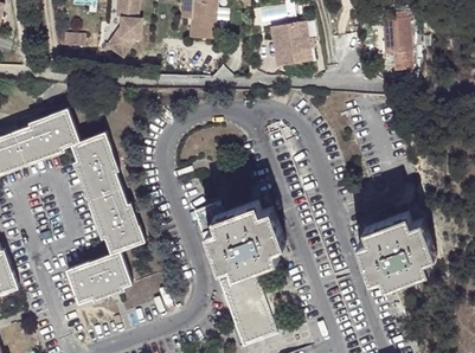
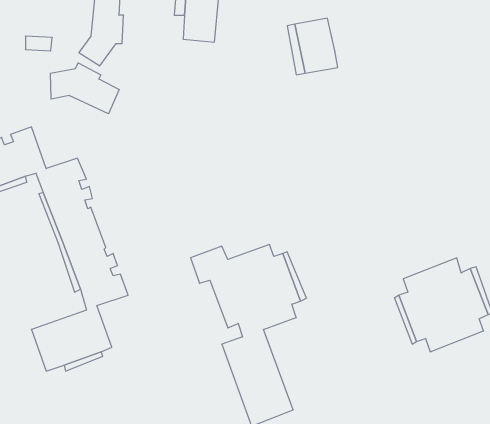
building: [381,11,410,70] -> none
building: none -> [50,63,119,114]
building: [201,229,236,280] -> none

